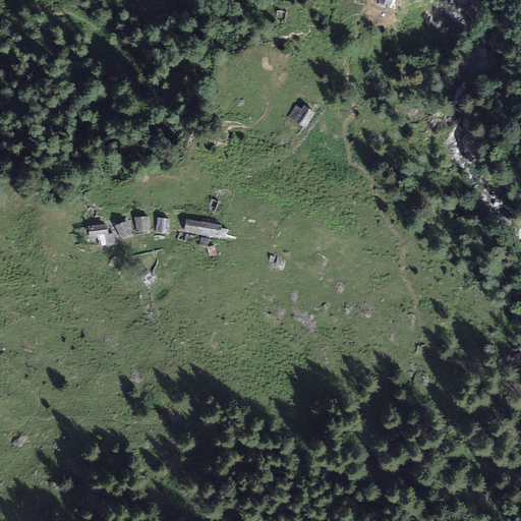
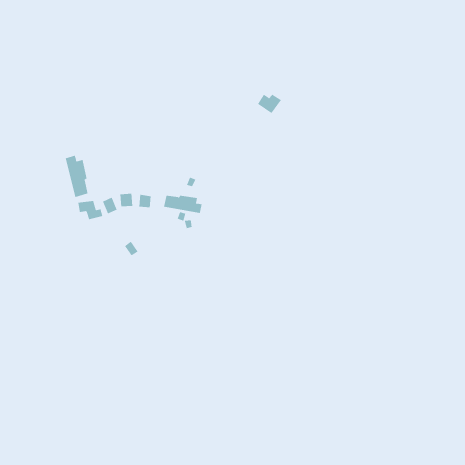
building: none -> [65,155,88,198]

